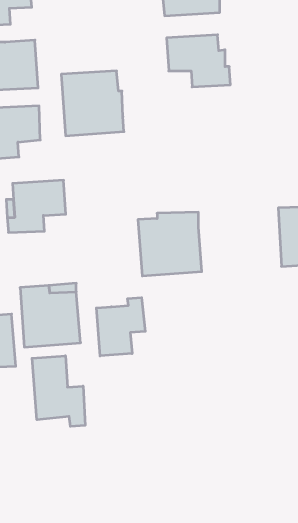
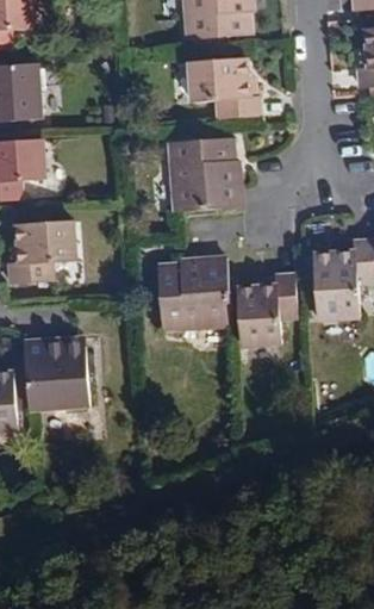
building: [61,71,124,136] -> [170,137,241,210]
building: none -> [237,274,297,344]
building: [96,298,145,356] -> none
building: [32,356,85,426] -> none

